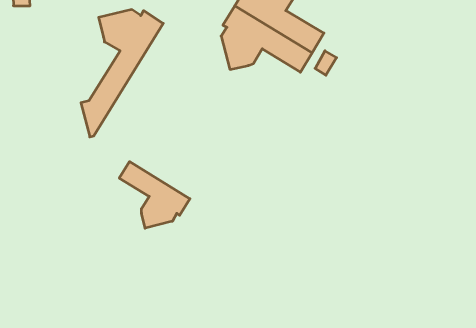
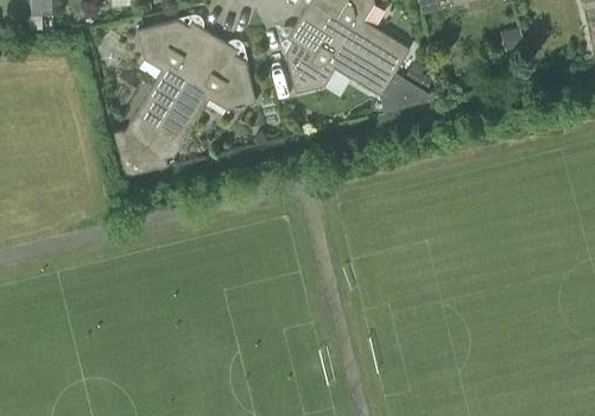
building: none -> [129,37,254,174]
building: [119,162,190,228] -> none

